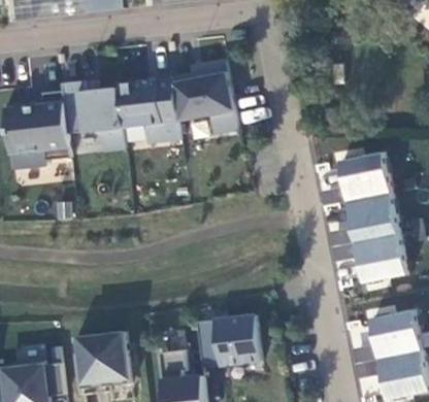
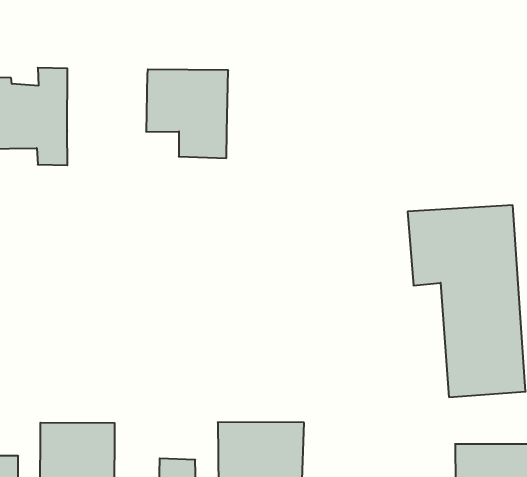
building: [174,60,239,133] -> none
building: [64,79,127,150] -> none

